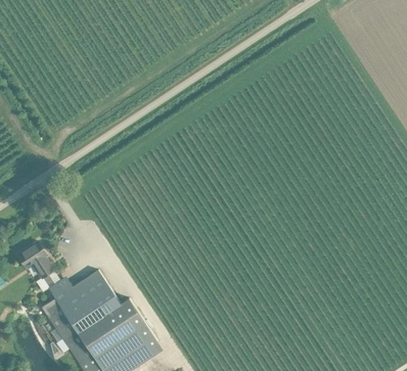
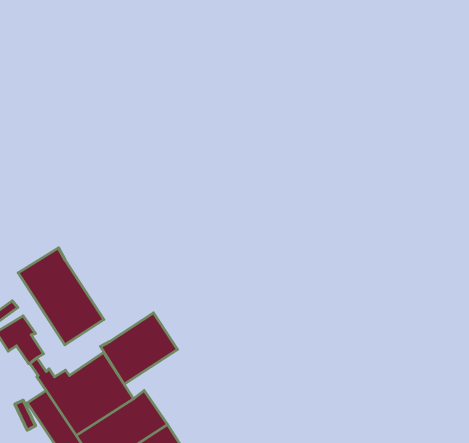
building: none -> [18,248,104,345]
building: none -> [100,313,178,384]

